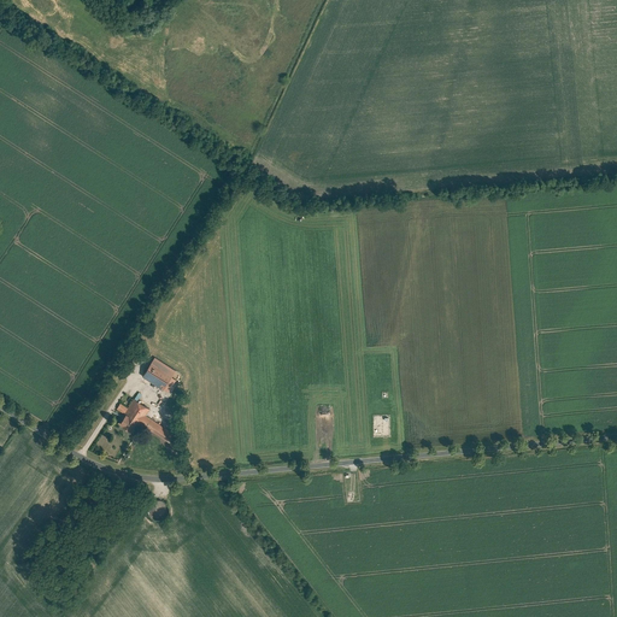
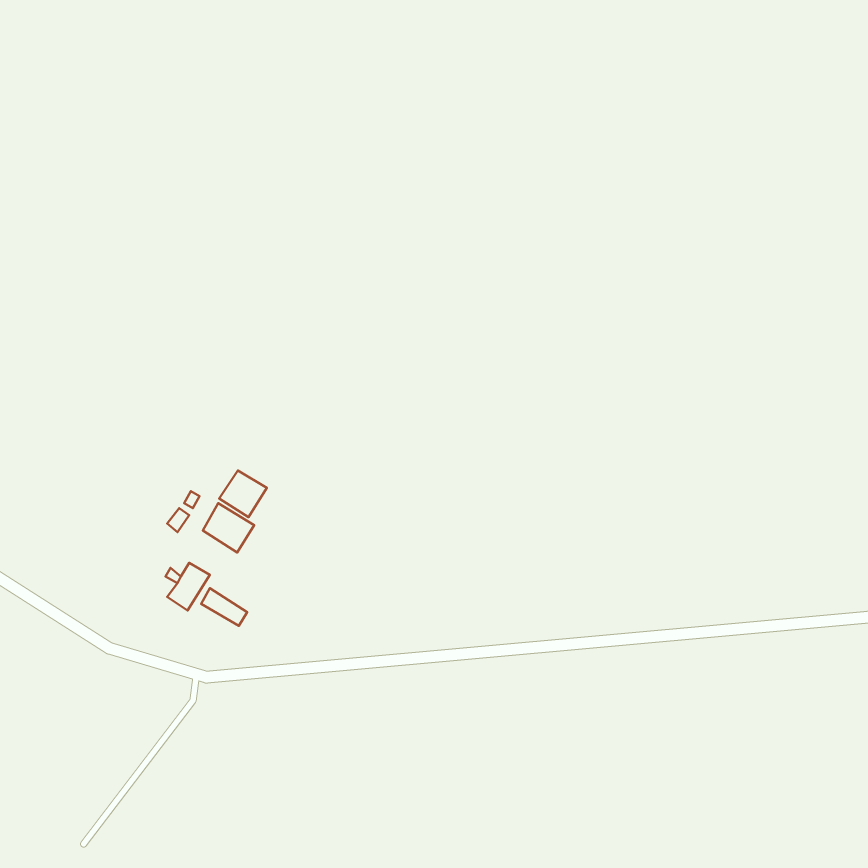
building: none -> [219,470,267,517]

